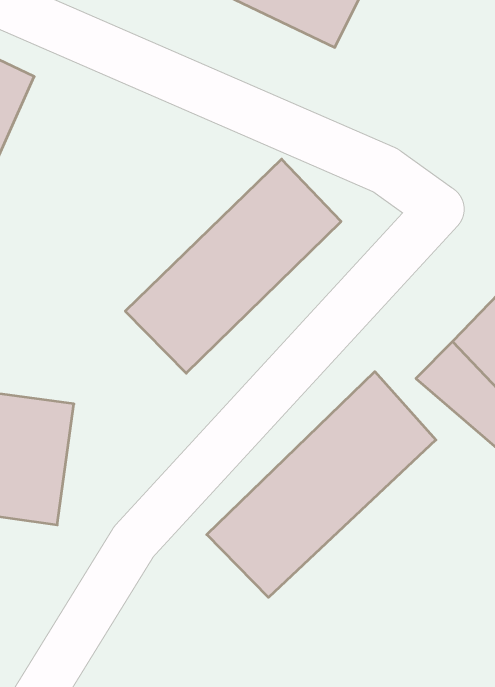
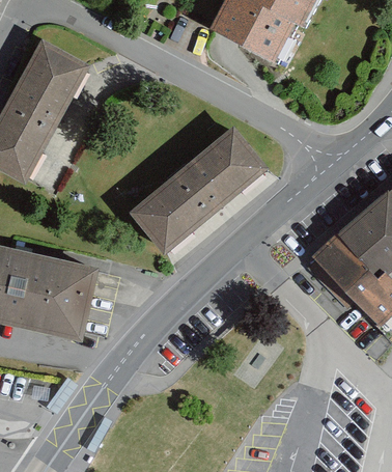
building: [207,372,436,597] -> none

